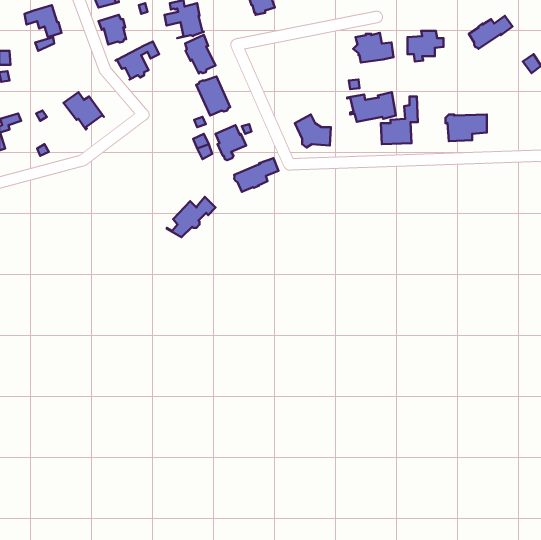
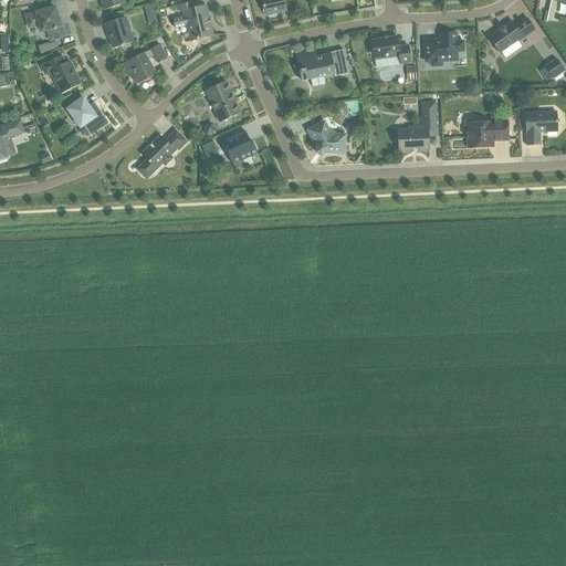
building: [185,35,215,74] -> none
building: none -> [40,53,81,92]
building: [347,92,396,122] -> [296,48,347,78]
building: none -> [524,111,557,144]
building: [234,158,278,192] -> none
building: [167,197,216,237] -> [135,129,186,171]

